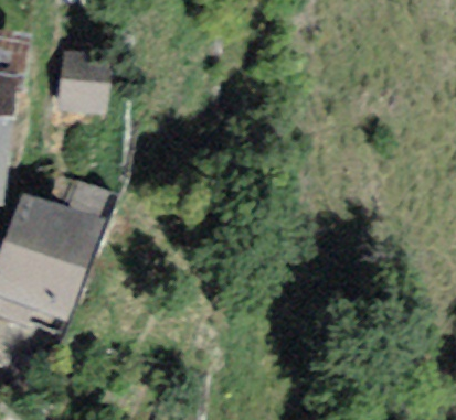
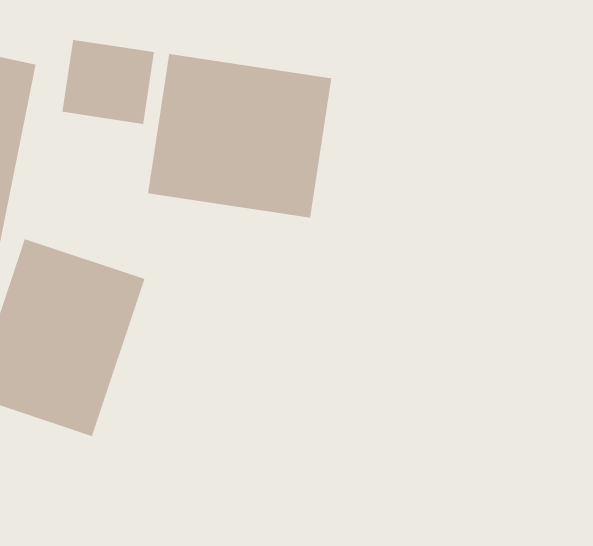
building: none -> [147,53,332,218]

